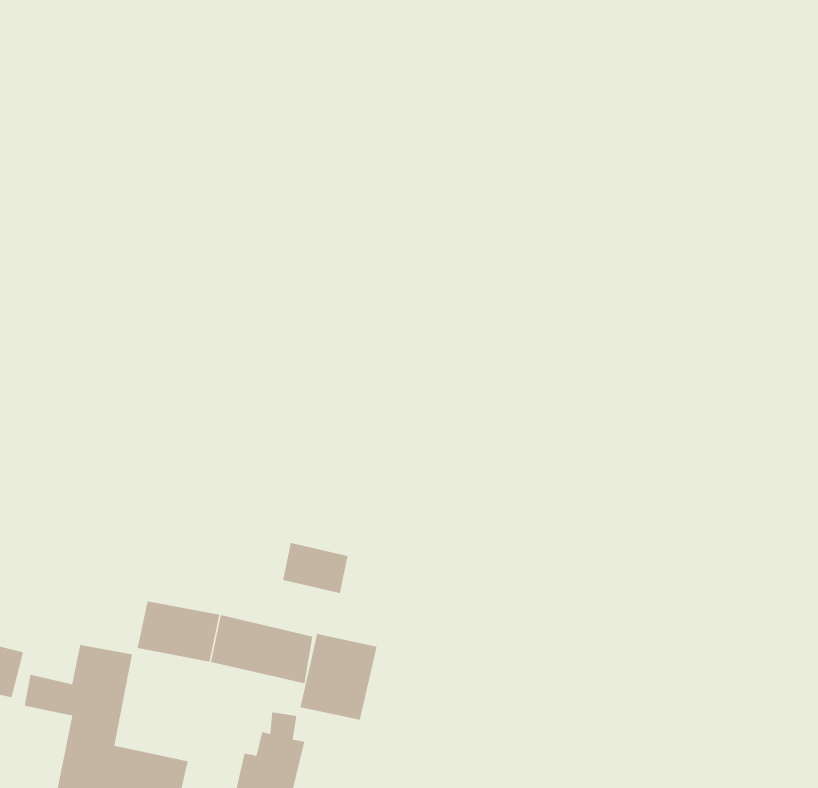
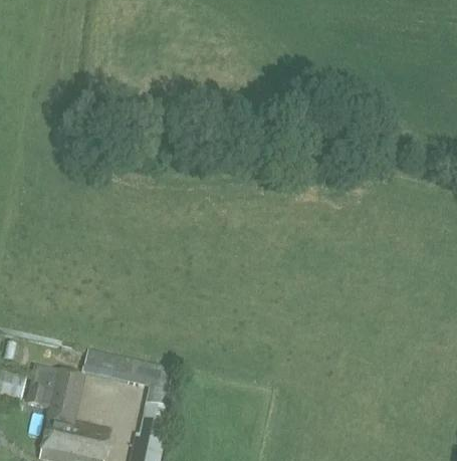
building: [282,542,348,594] -> none
building: [300,633,377,721] -> none

